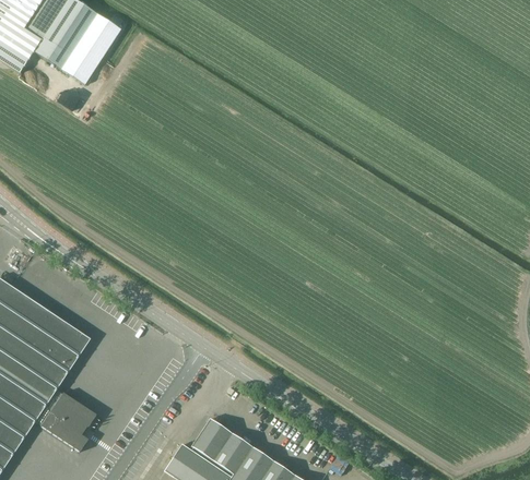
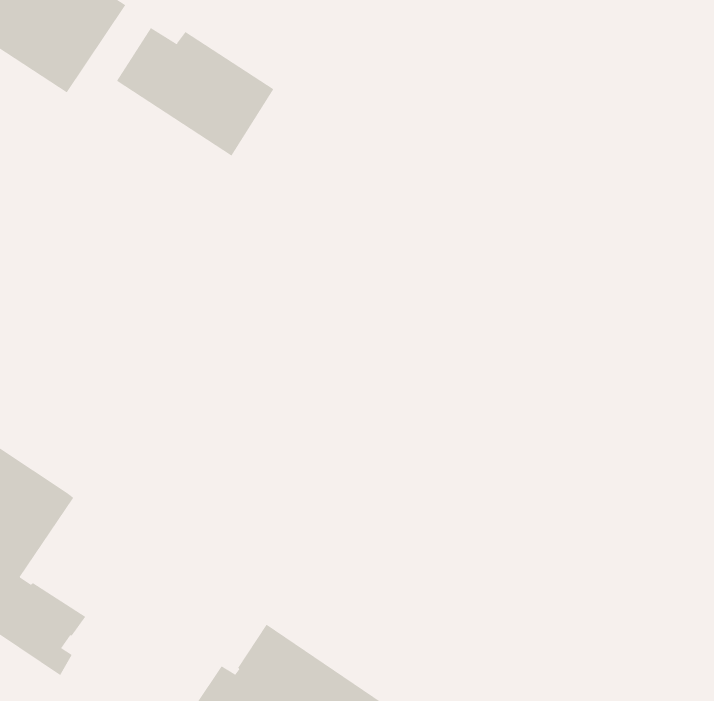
building: none -> [116,27,274,156]

